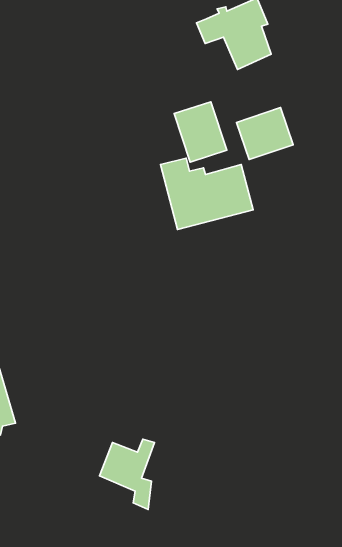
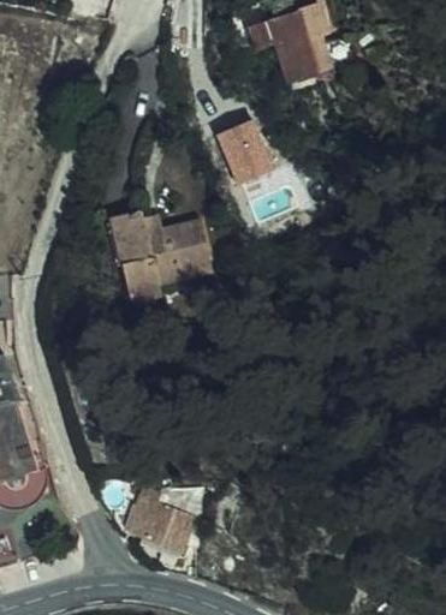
building: [236,108,293,160] -> none
building: [160,158,253,229] -> [109,221,213,300]

